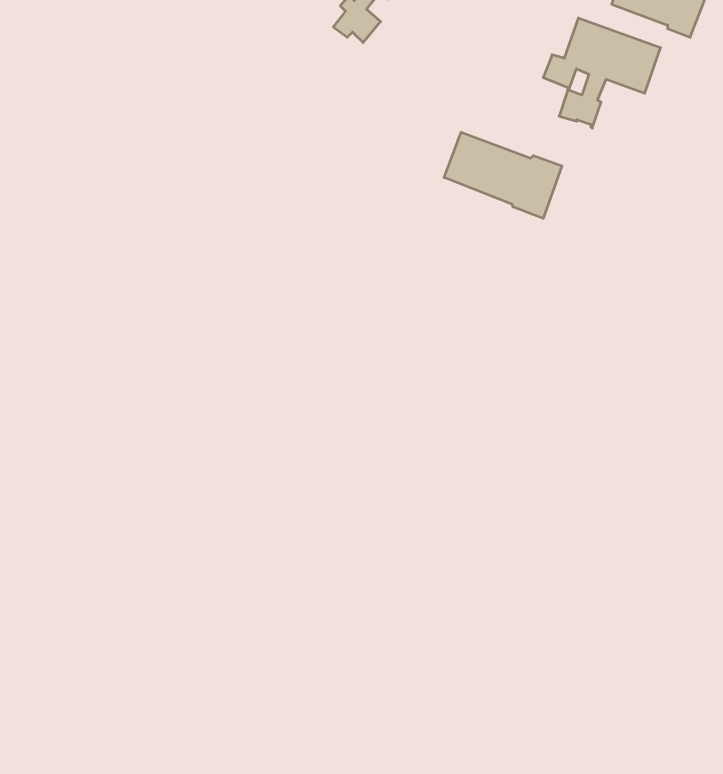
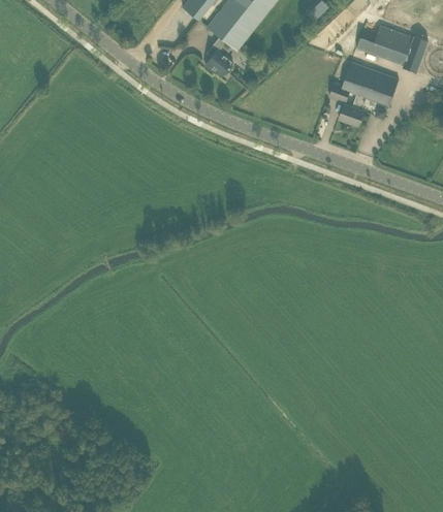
building: [444,132,562,218] -> none

